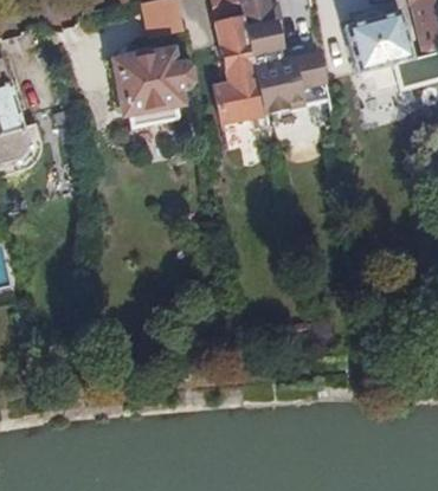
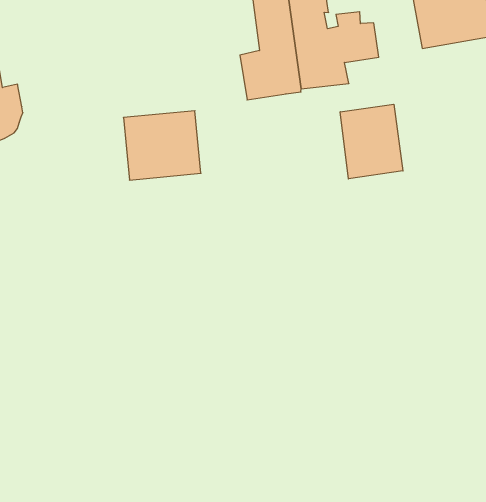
building: [114,51,179,110] -> [123,111,201,180]
building: none -> [340,104,403,179]

